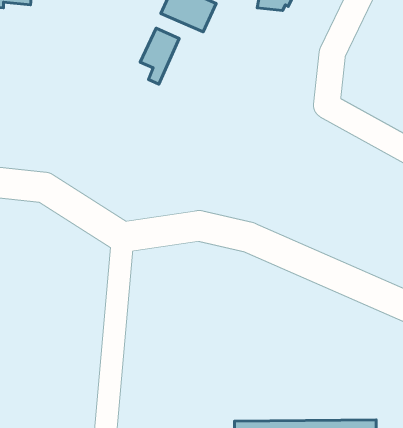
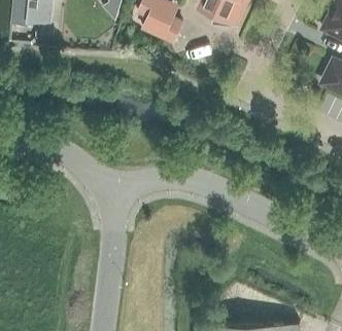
building: [140,28,179,84] -> none

